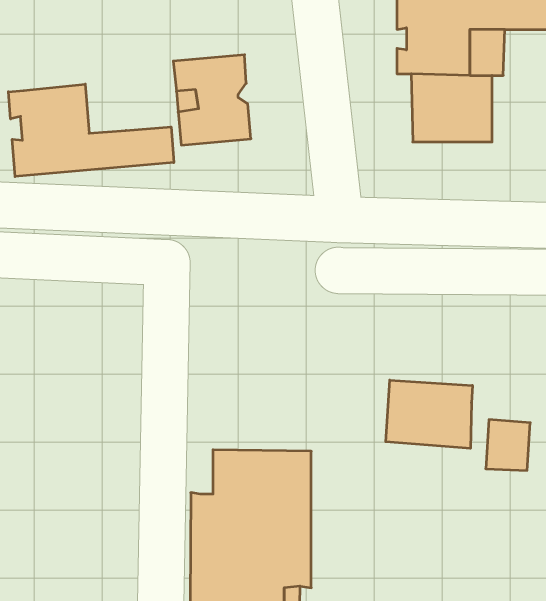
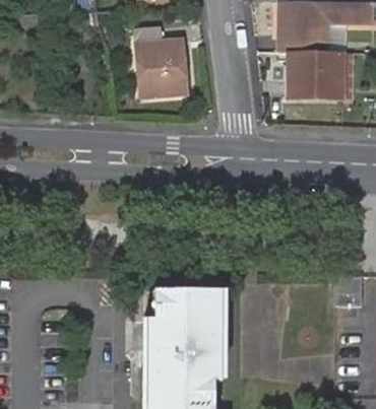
building: [8,84,174,177] -> none
building: [386,380,472,448] -> none

